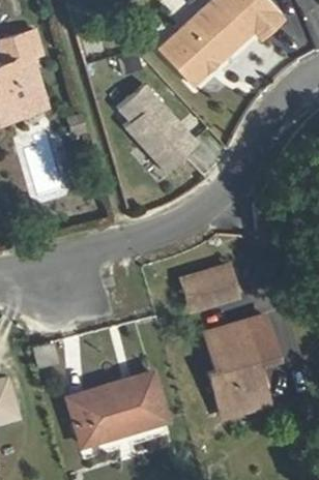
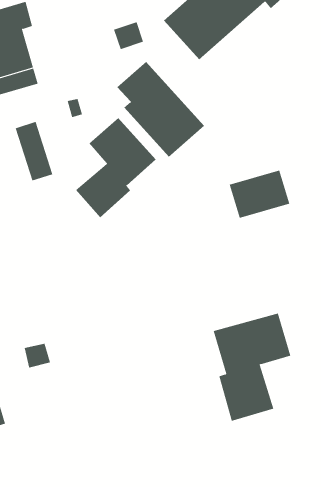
building: none -> [75,117,157,218]
building: [182,266,238,310] -> [229,170,290,219]
building: [66,372,166,446] -> none

